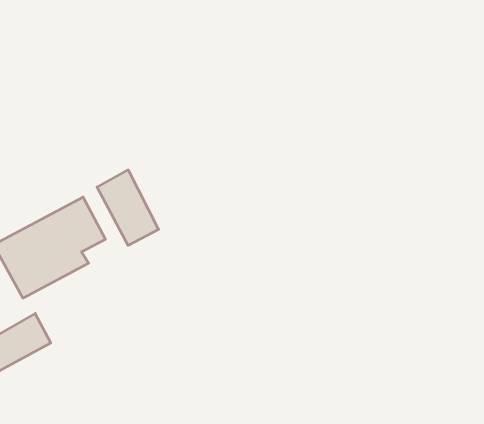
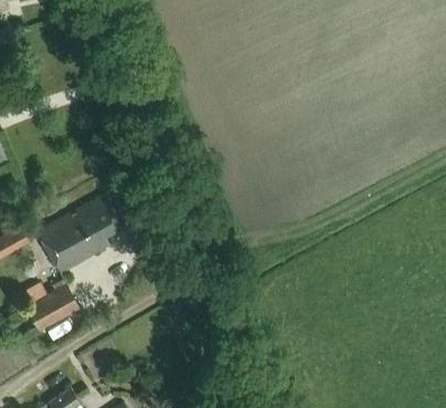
building: [97,170,159,245] -> none

